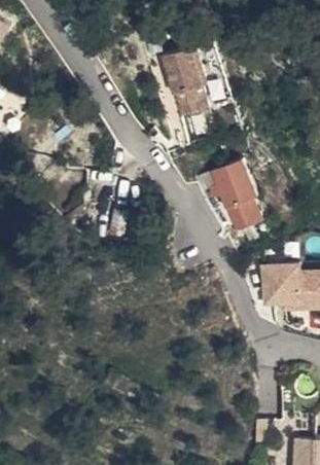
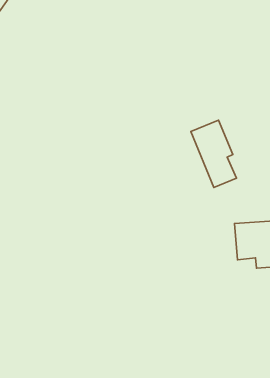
building: [157,41,206,117] -> none

